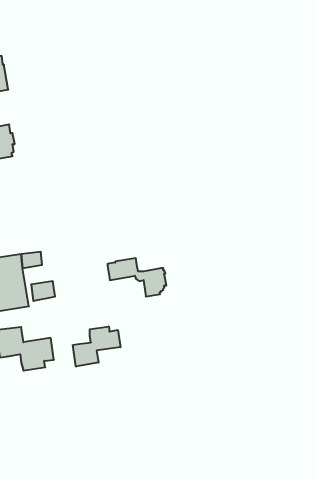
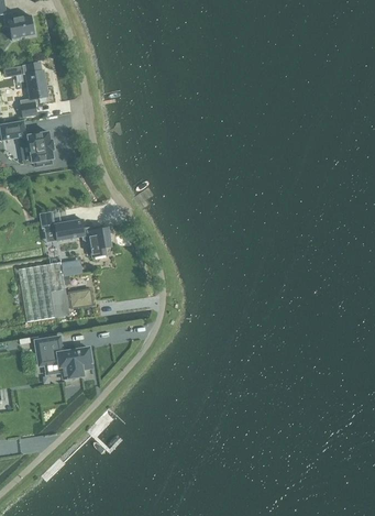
building: [108,258,166,296] -> [54,218,113,256]
building: [73,326,120,367] -> none

